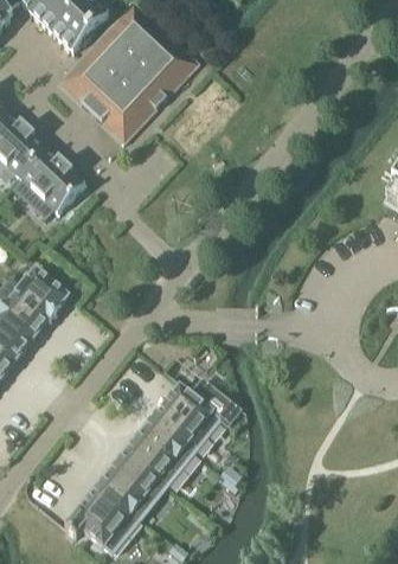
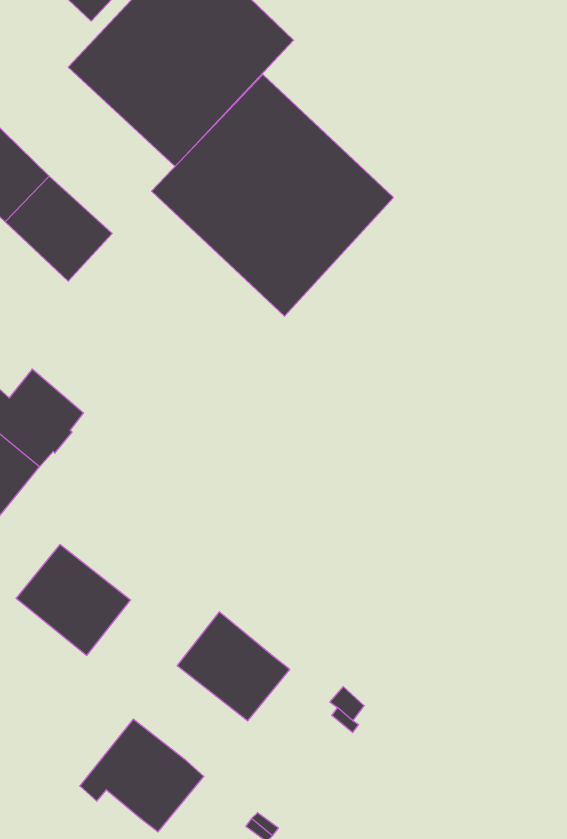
building: none -> [152,74,393,316]
building: [152,379,240,454] -> none
building: [98,451,169,520] -> [16,545,131,655]

